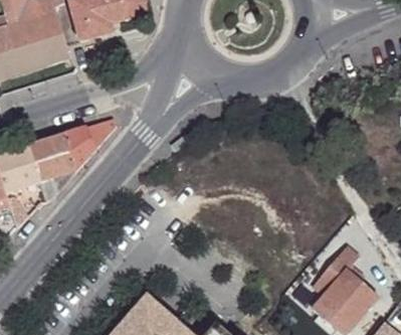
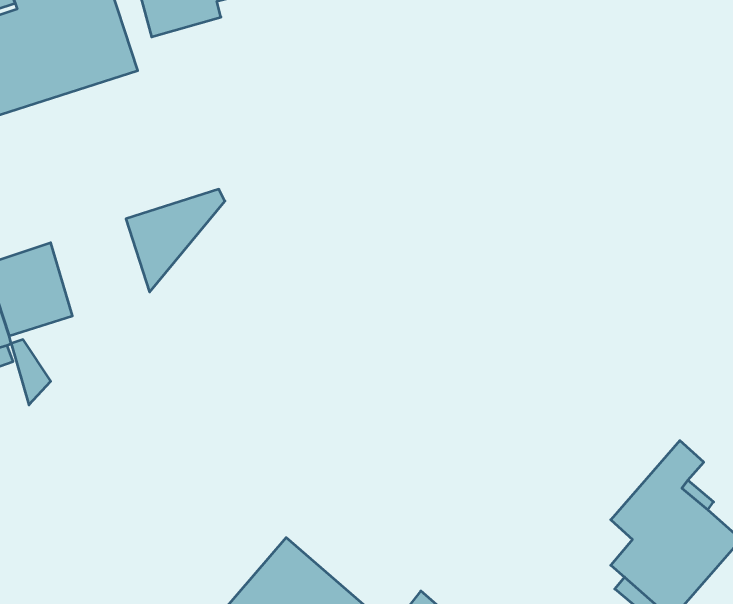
building: [27,134,77,202] -> none

